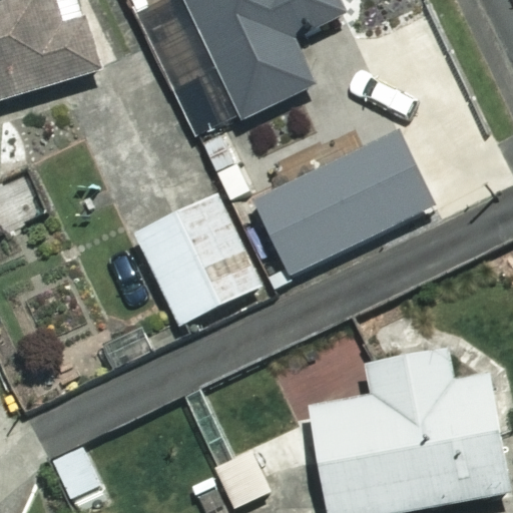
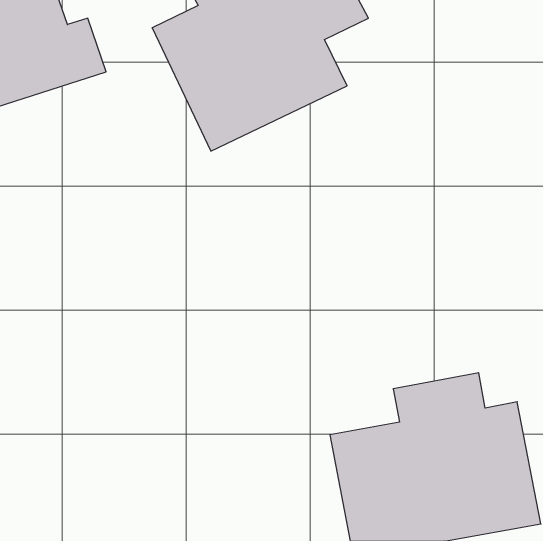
building: [255,135,430,273] -> none
building: [135,192,261,323] -> none

